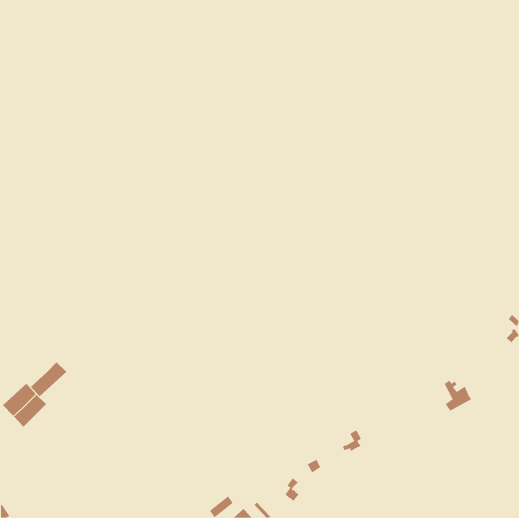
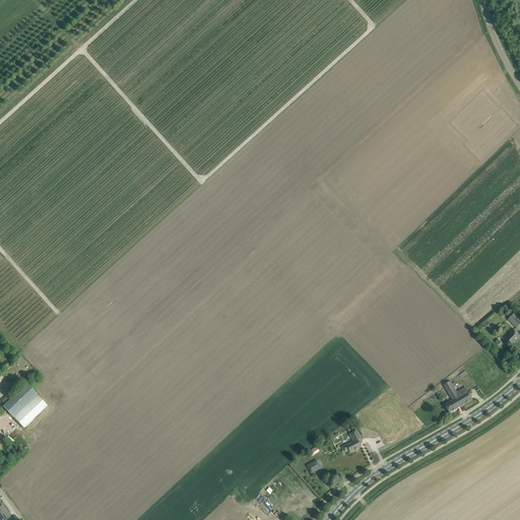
building: [30,362,67,397] -> none

